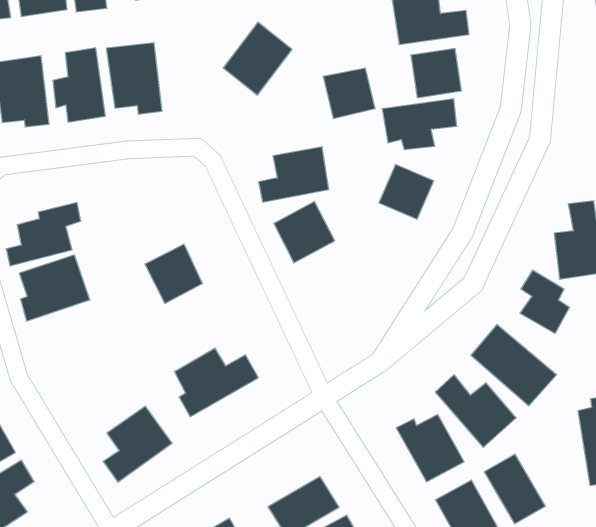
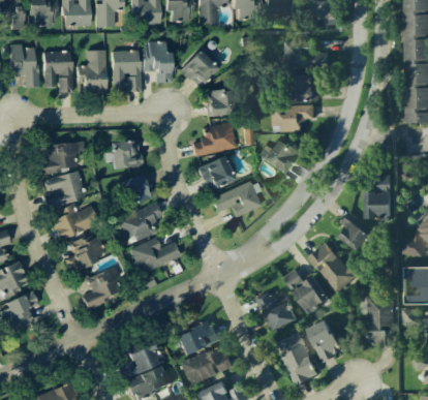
building: none -> [145,41,172,83]
building: [323,68,375,119] -> [204,89,233,117]
building: none -> [110,140,141,168]
building: none -> [211,181,261,217]
building: none -> [118,203,163,244]
building: none -> [48,204,89,241]
building: none -> [64,232,108,273]

